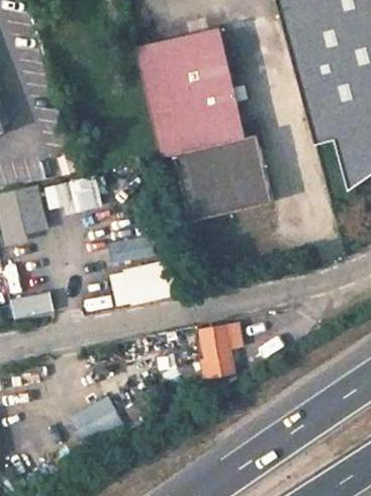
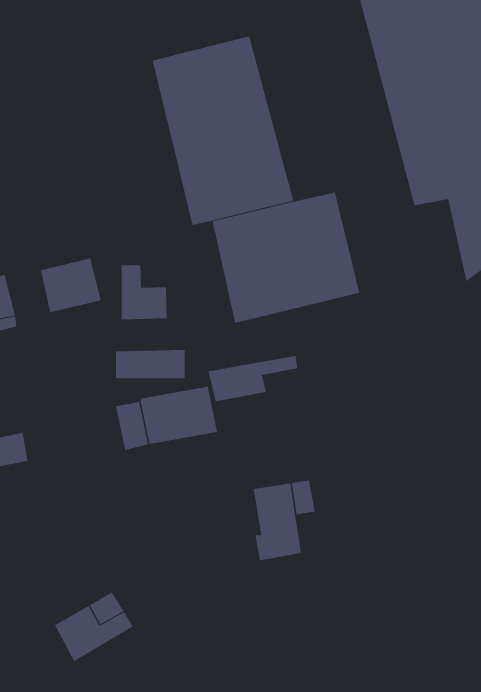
building: [200,26,248,140] -> none
building: none -> [121,264,167,320]
building: none -> [208,355,298,402]

